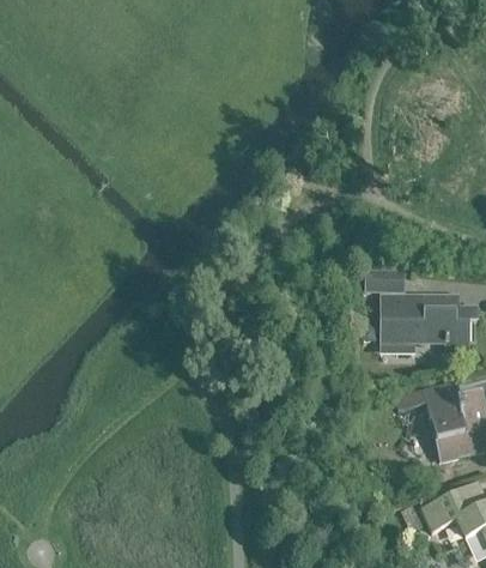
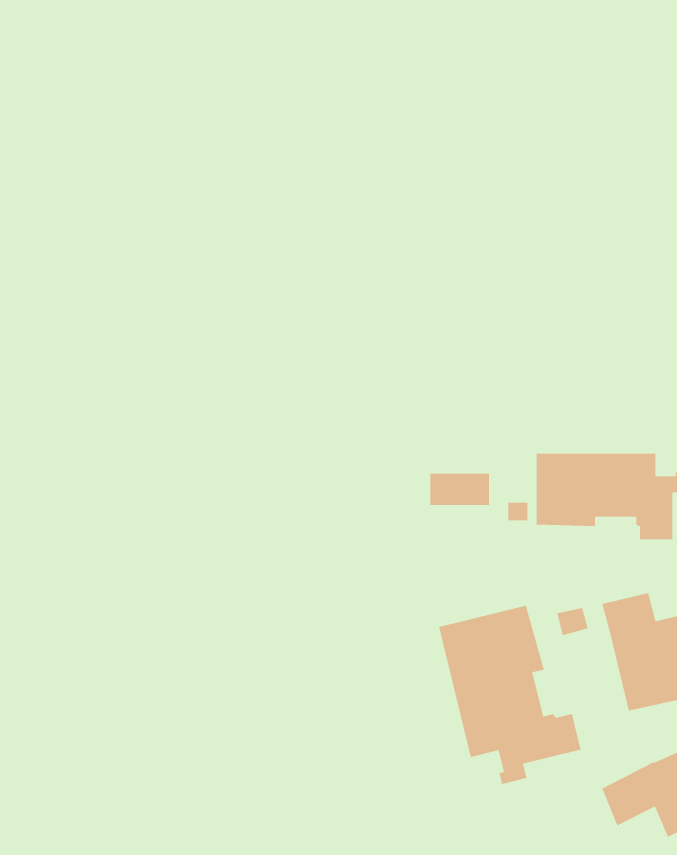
building: [364,271,402,291] -> [430,473,490,505]
building: none -> [438,605,581,785]

